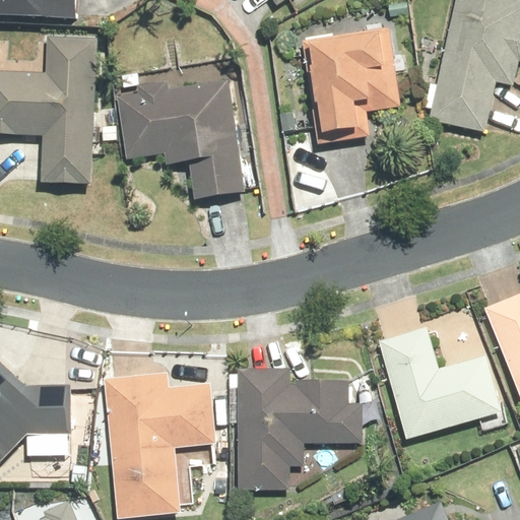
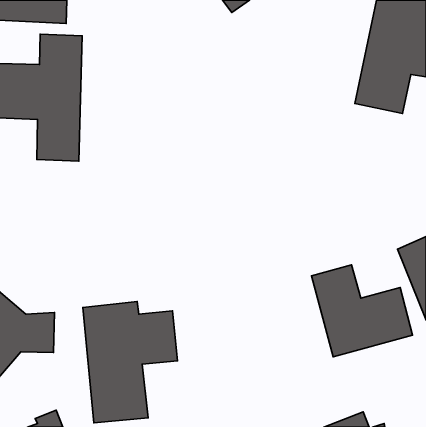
building: [305,35,406,153] -> none
building: [118,84,250,210] -> none
building: [235,364,361,486] -> none

